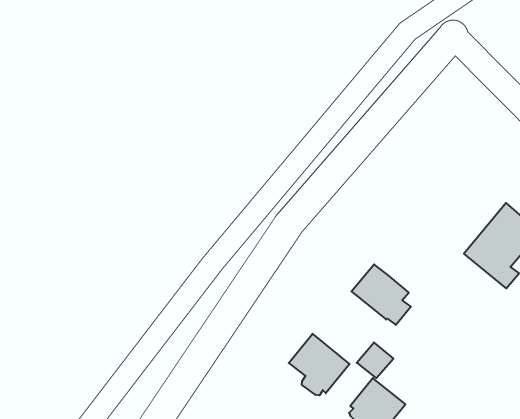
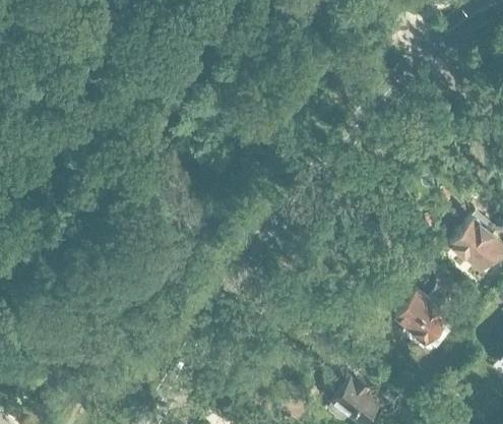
building: [351,264,411,325] -> [394,292,450,349]
building: [289,334,350,395] -> none

